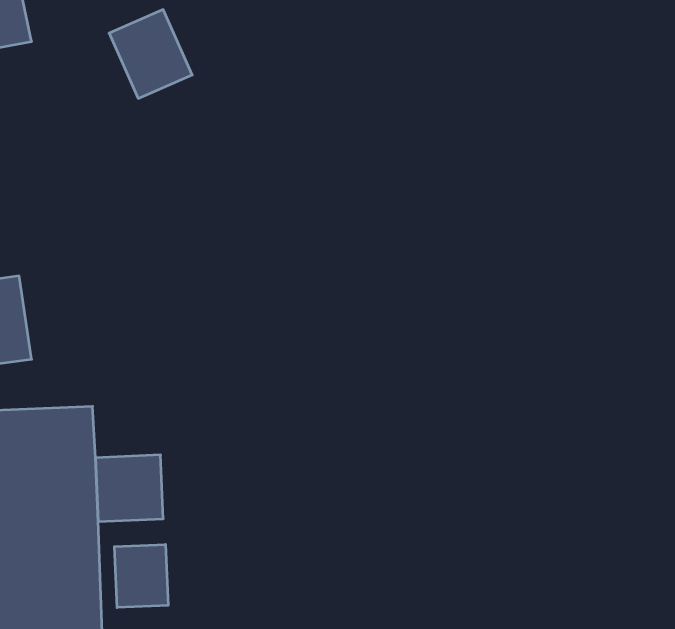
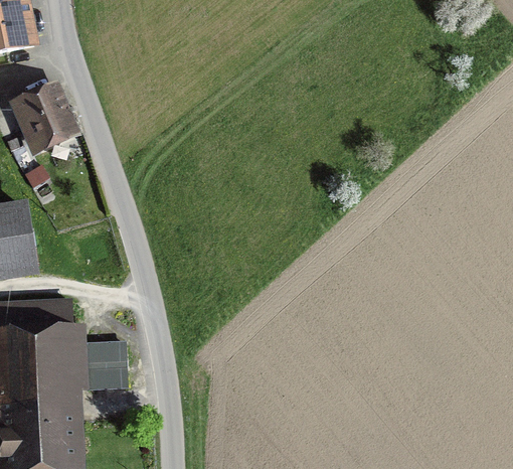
building: [109,10,192,98] -> [15,90,75,154]
building: [114,544,168,608] -> none

